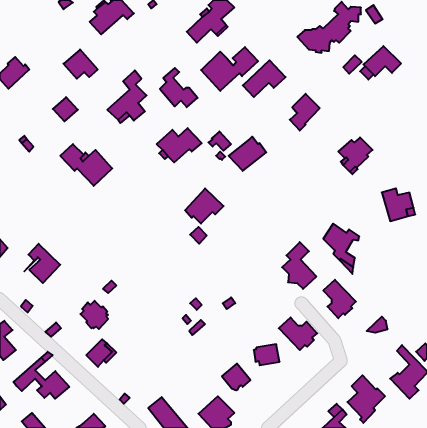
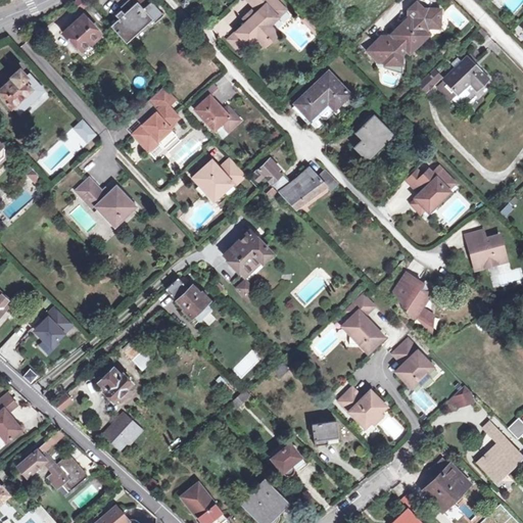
building: [201,47,258,91] -> none
building: [63,49,98,79] -> [61,14,103,50]
building: none -> [167,277,209,319]

